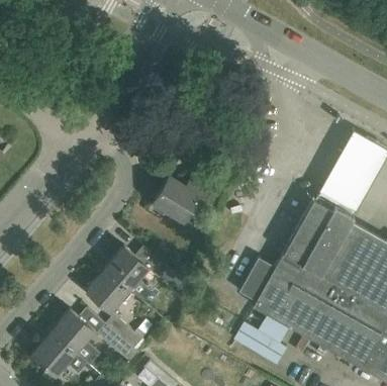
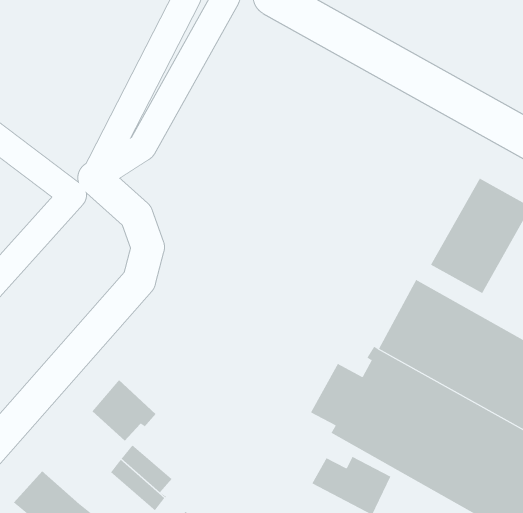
building: [152,174,217,221] -> none
building: [104,248,166,301] -> none
building: [51,310,93,357] -> none

